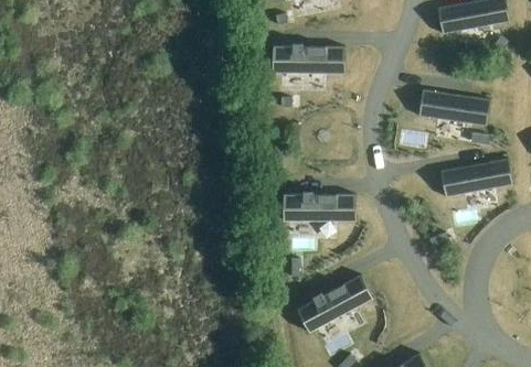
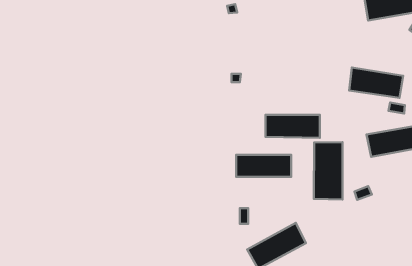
building: [276,47,341,75] -> [266,115,320,138]
building: none -> [314,142,342,199]

